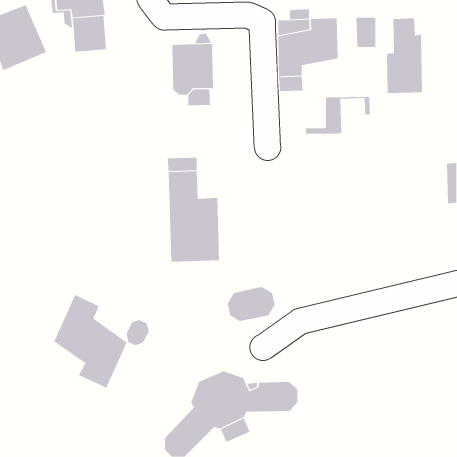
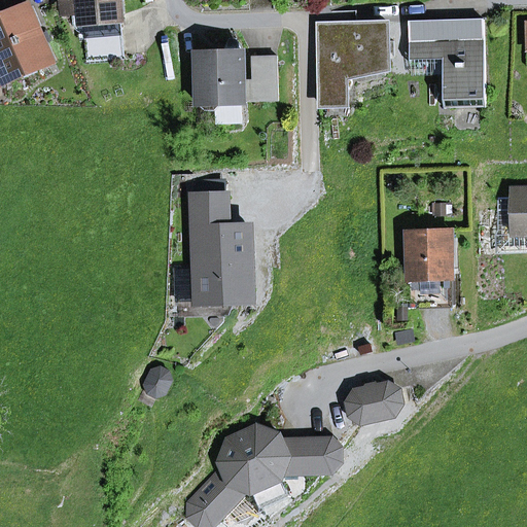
building: none -> [251,55,277,100]
building: [305,96,371,134] -> [409,19,484,62]
building: none -> [408,230,452,309]
building: [227,287,275,322] -> [347,382,402,422]
building: [54,294,127,389] -> none

